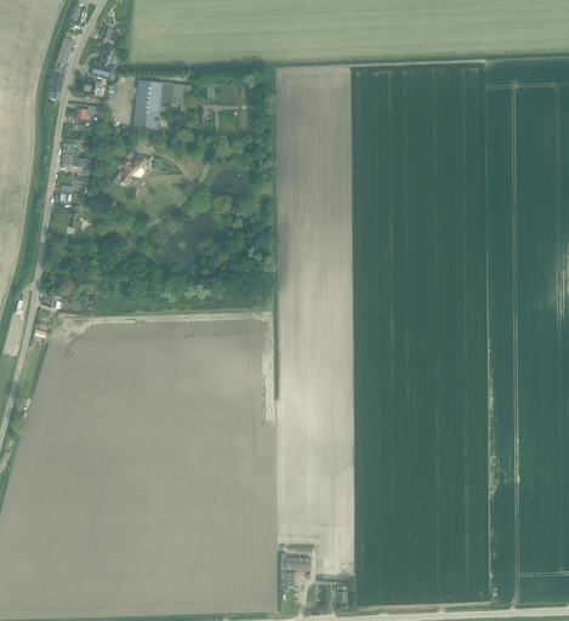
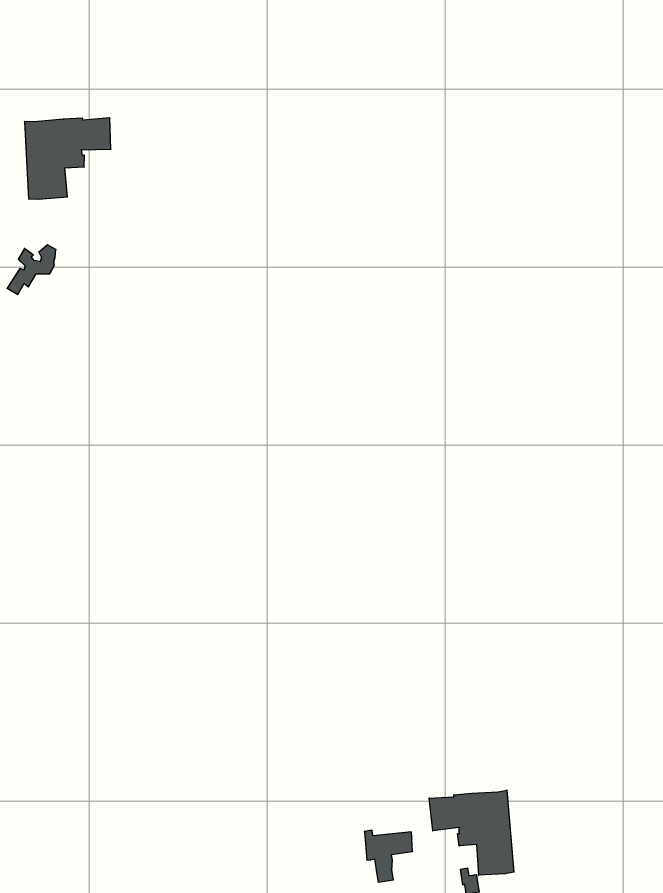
building: none -> [429,790,514,875]

